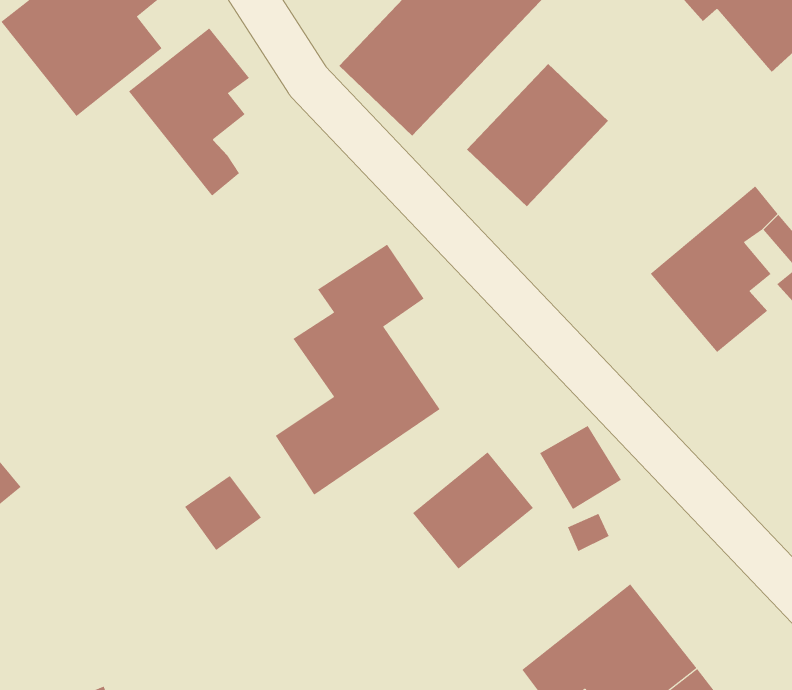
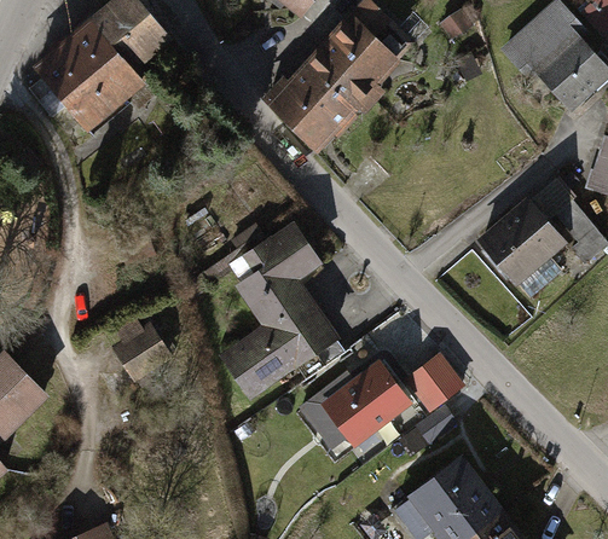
building: [128,27,250,196] -> none
building: [466,63,609,207] -> none
building: [184,475,262,551] -> [111,329,164,381]

